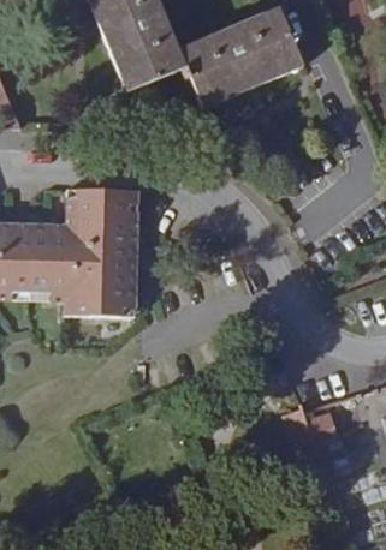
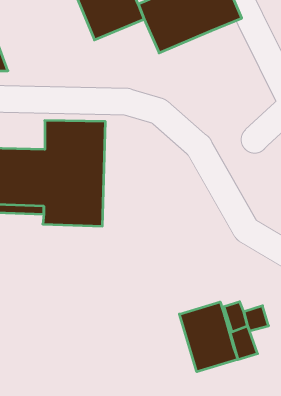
building: none -> [179,302,238,372]

